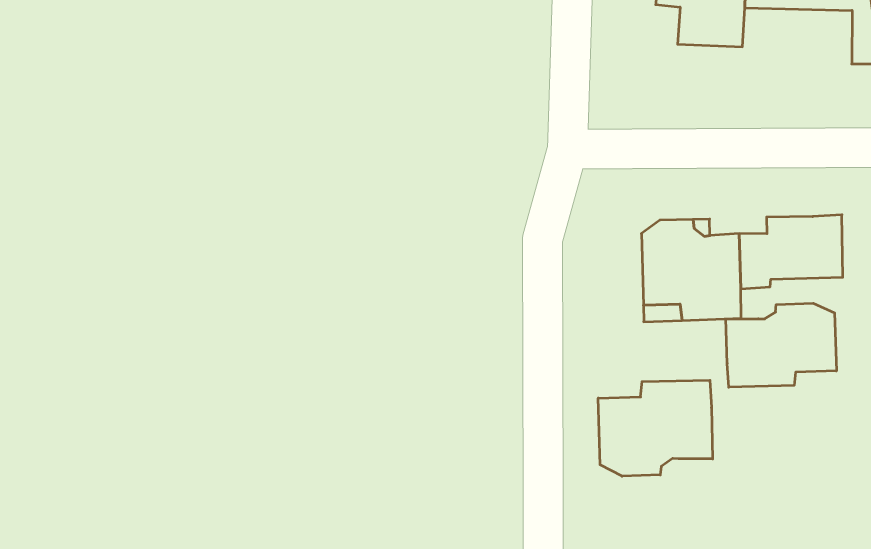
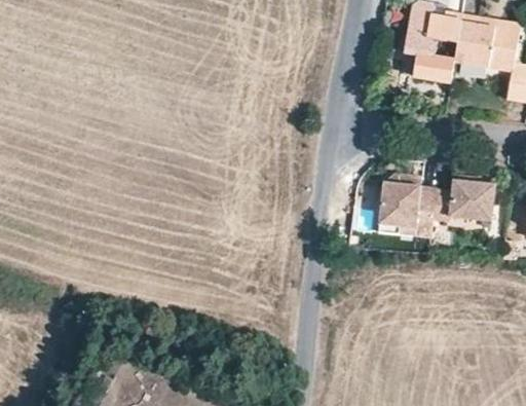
building: [726,303,836,387] -> none
building: [598,380,713,476] -> none

